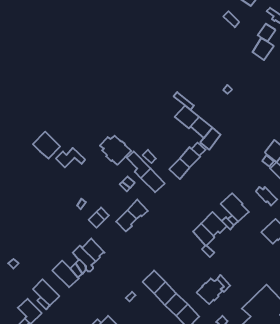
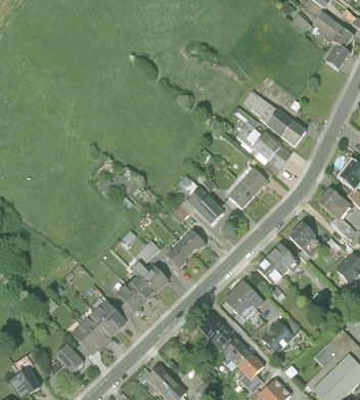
building: none -> [314,12,342,41]
building: none -> [249,94,305,145]
building: [33,132,60,159] -> none
building: [100,136,131,165] -> none
building: none -> [318,188,350,219]
building: none -> [133,262,168,292]
building: none -> [225,281,264,319]
building: none -> [84,312,115,345]

